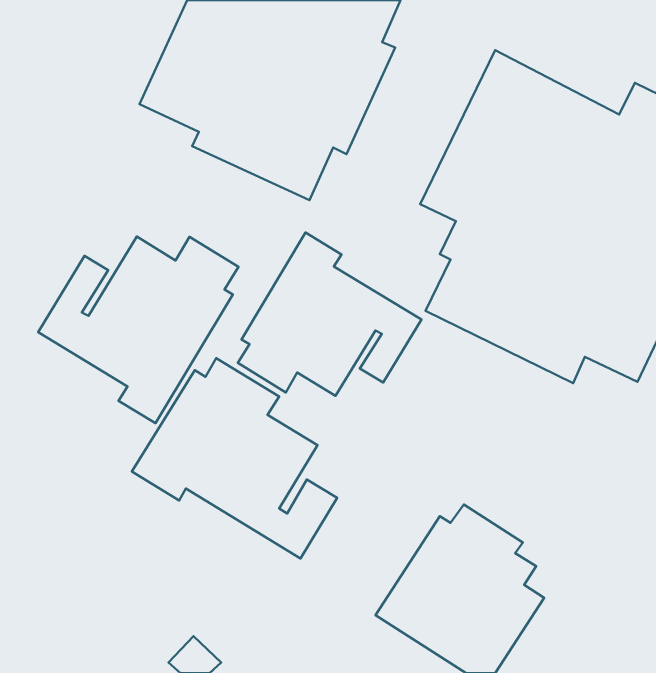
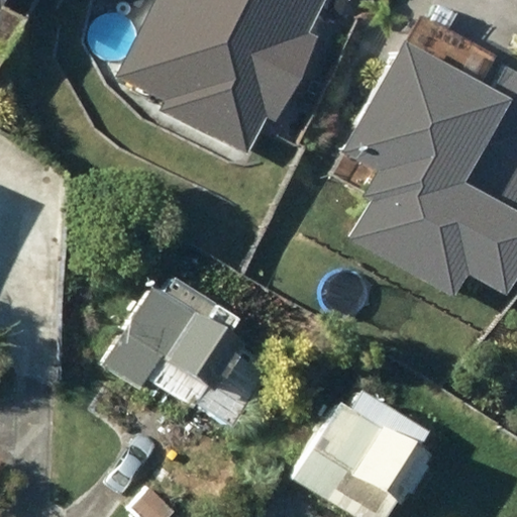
building: [238,233,421,396] -> none
building: [38,237,239,423] -> none

